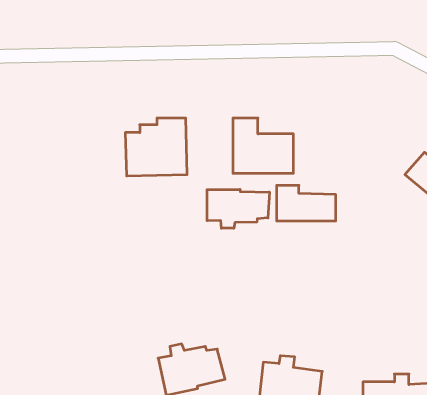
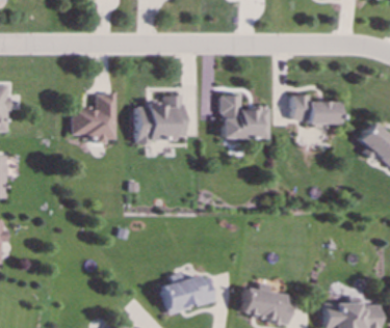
building: none -> [72,93,115,143]
building: [277,185,336,221] -> [291,94,338,122]
building: [207,189,269,228] -> none

